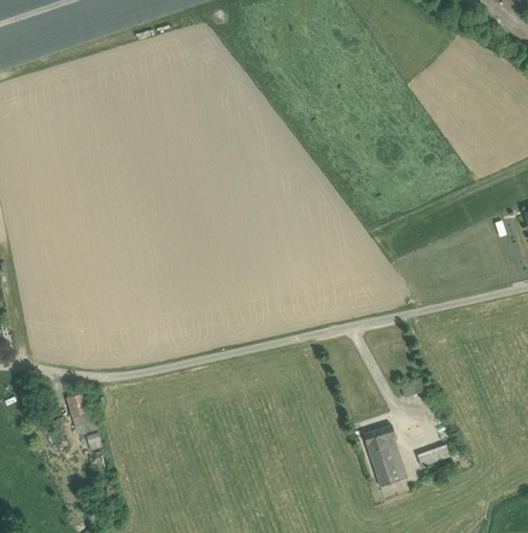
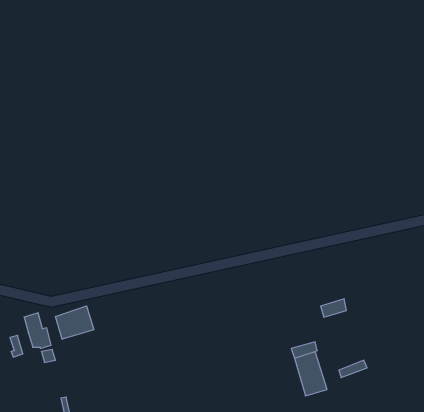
building: none -> [55,306,94,339]

